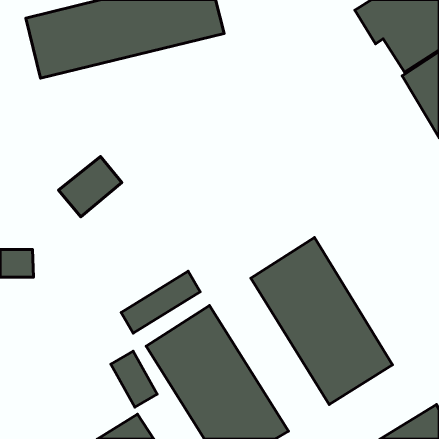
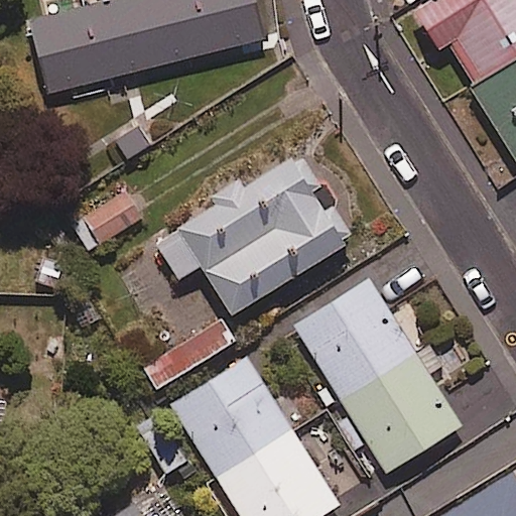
building: none -> [155,154,354,316]

